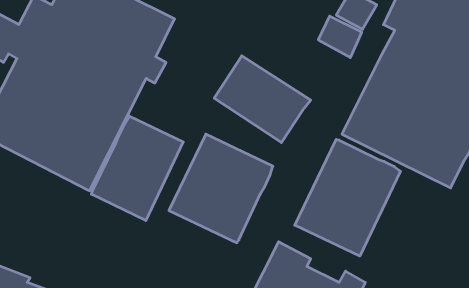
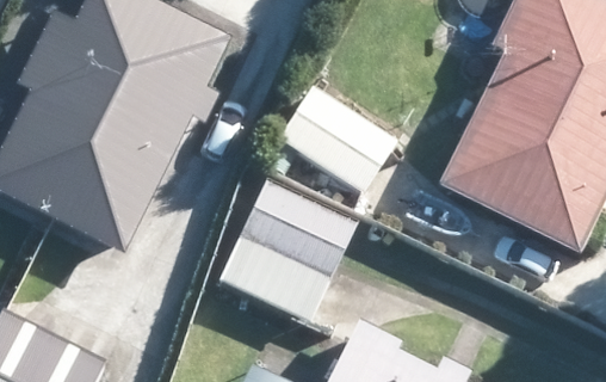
building: [91,116,183,221] -> none
building: [295,139,400,256] -> none

